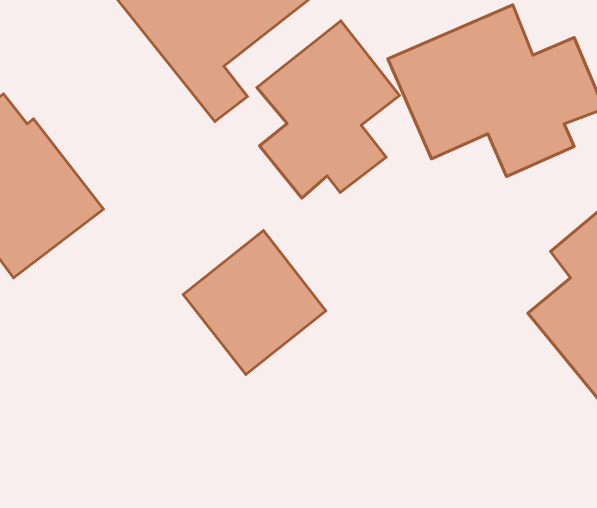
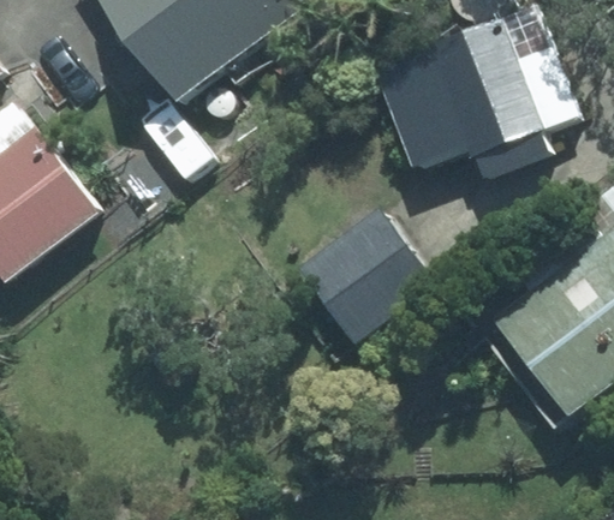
building: [257,21,399,198] -> none
building: [183,231,326,375] -> [305,205,442,343]

